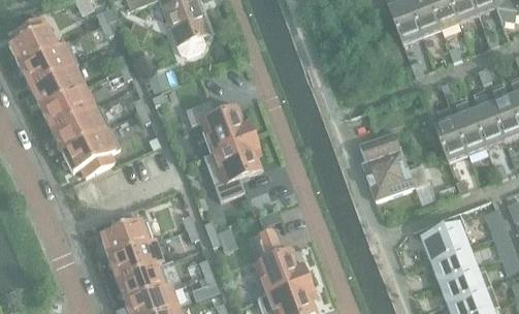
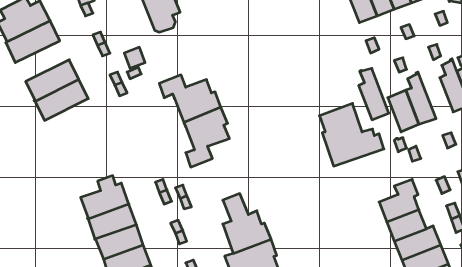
building: [29,63,88,107] -> none
building: [473,92,506,148] -> [359,68,389,120]
building: [61,126,120,177] -> none

